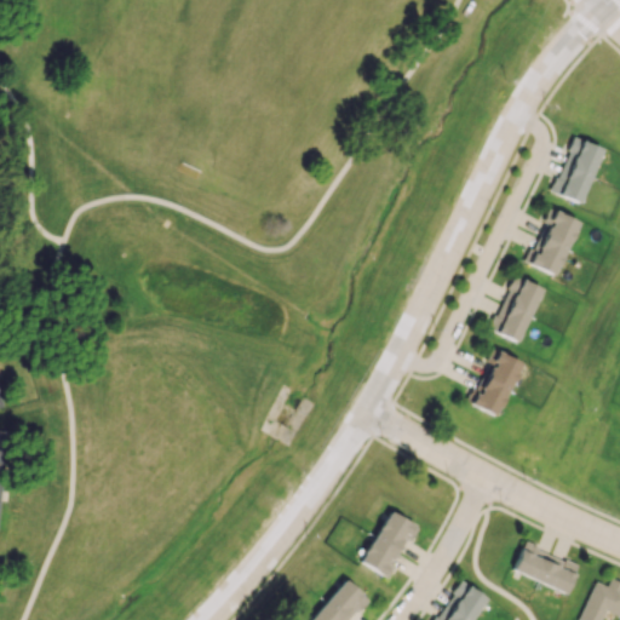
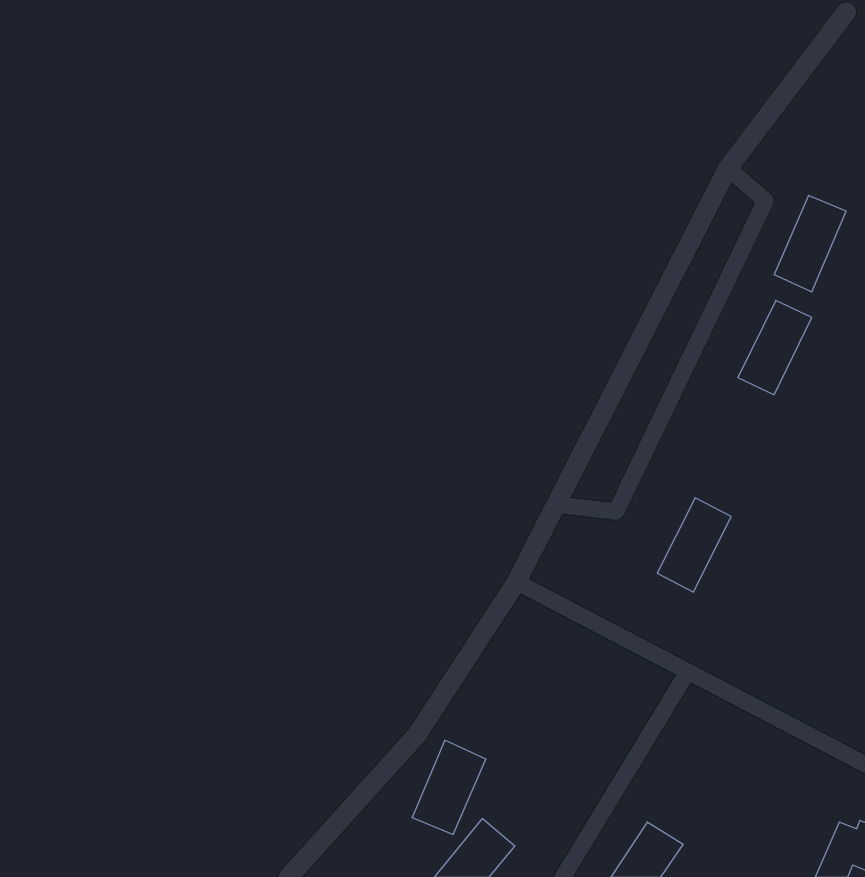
building: [494,280,545,346] -> none
building: [367,510,419,576] -> [412,740,486,835]
building: [517,542,582,592] -> none

